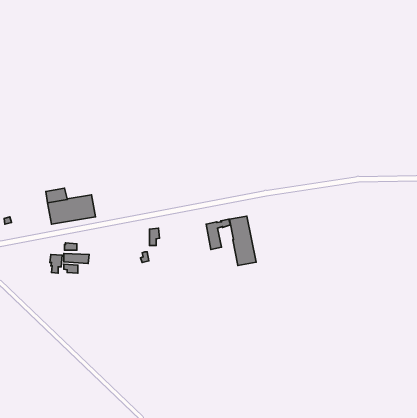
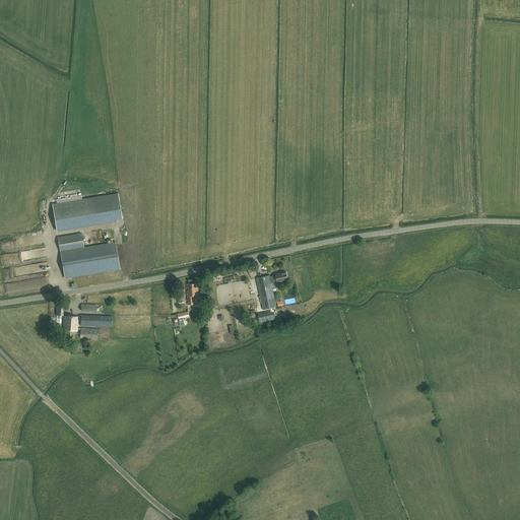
building: none -> [51,193,121,228]
building: [229,216,256,265] -> none

